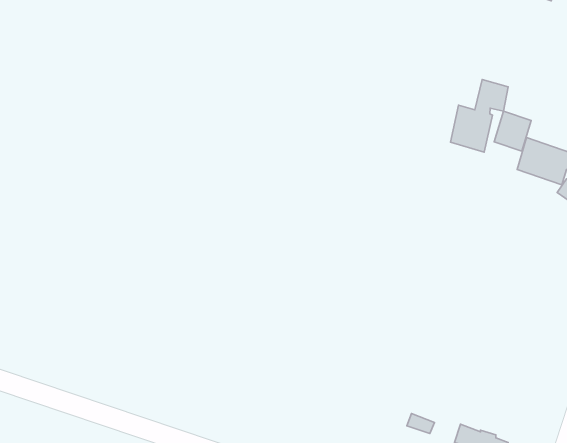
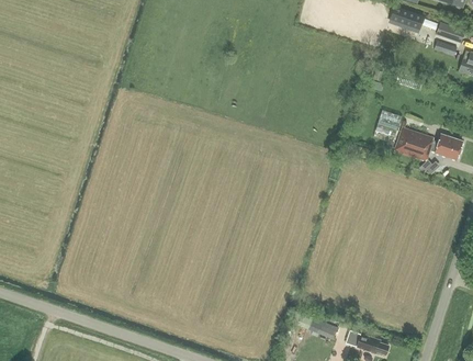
building: [450,79,508,152] -> none

